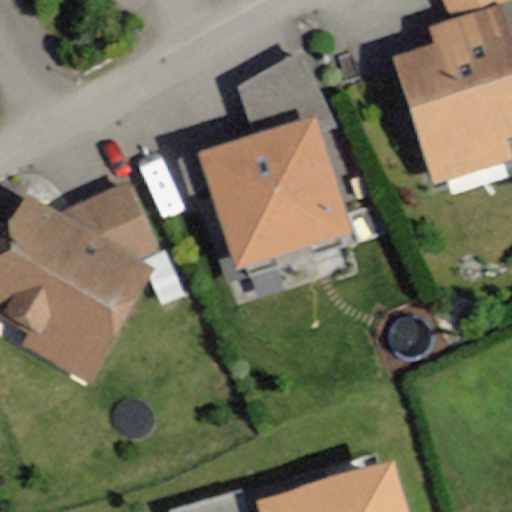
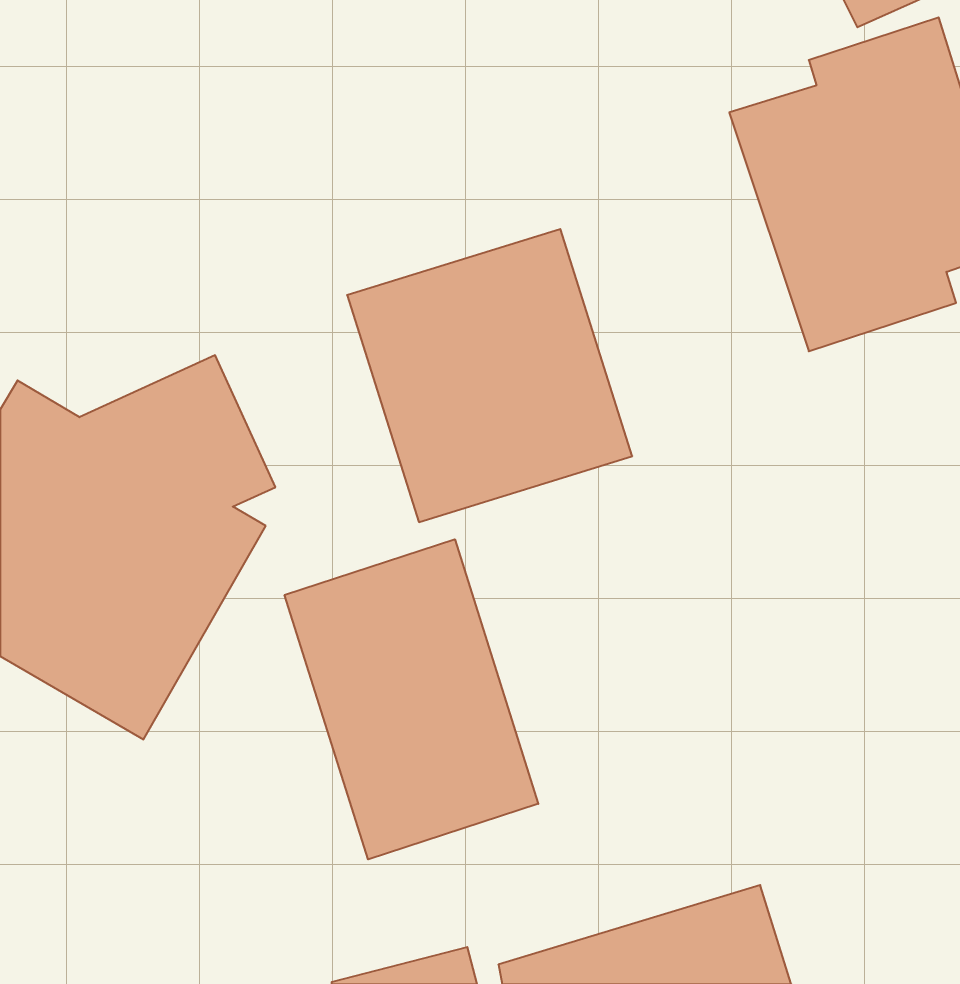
building: none -> [285,539,538,859]

